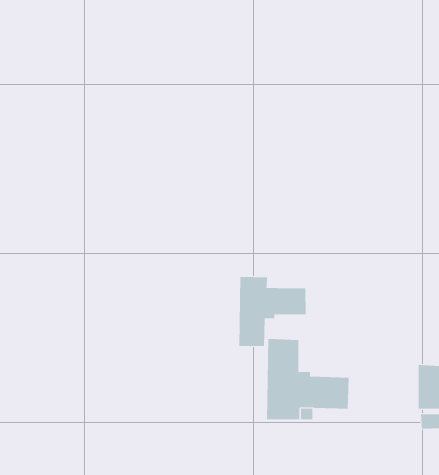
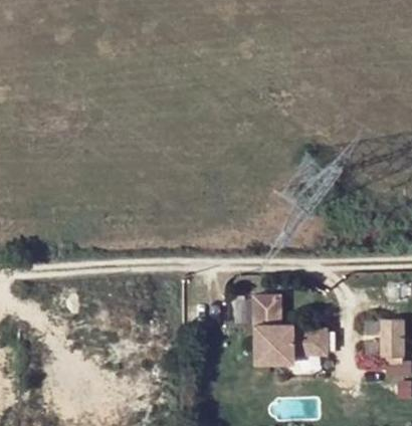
building: [239,276,306,347] -> none

